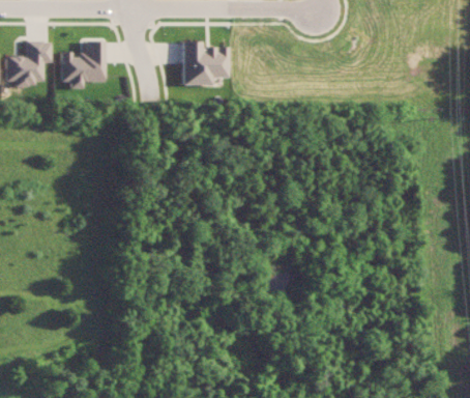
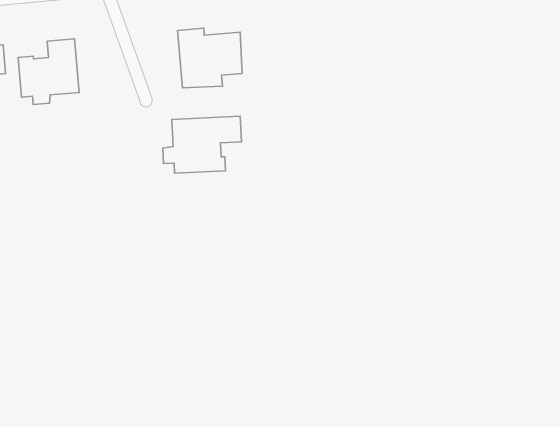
building: none -> [163,116,242,173]

